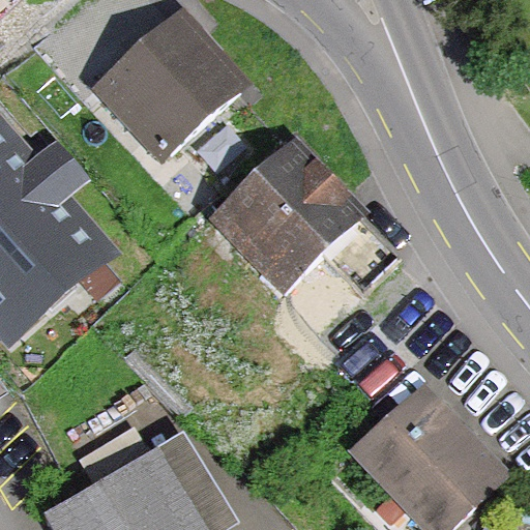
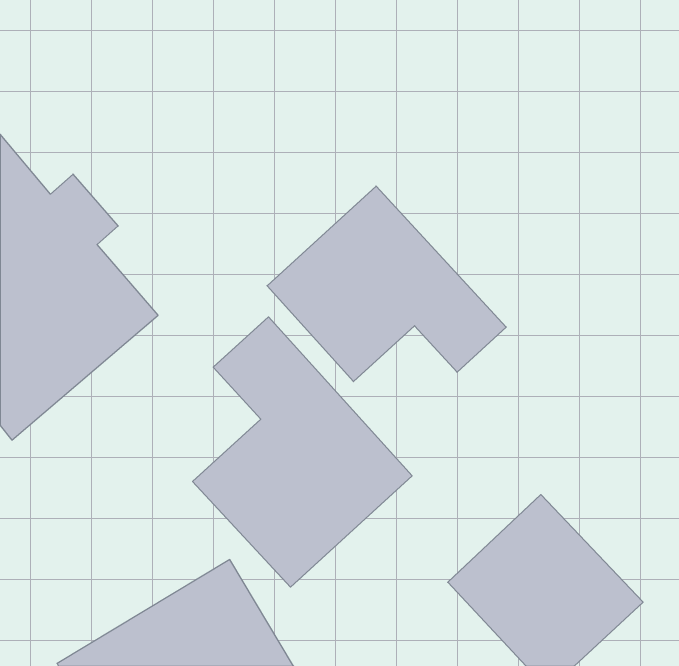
building: [92,6,246,158] -> none
building: none -> [193,317,412,587]

